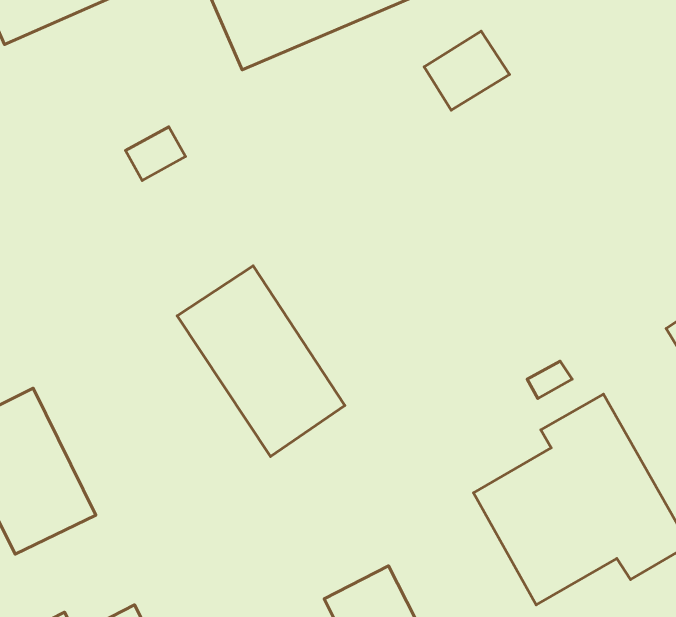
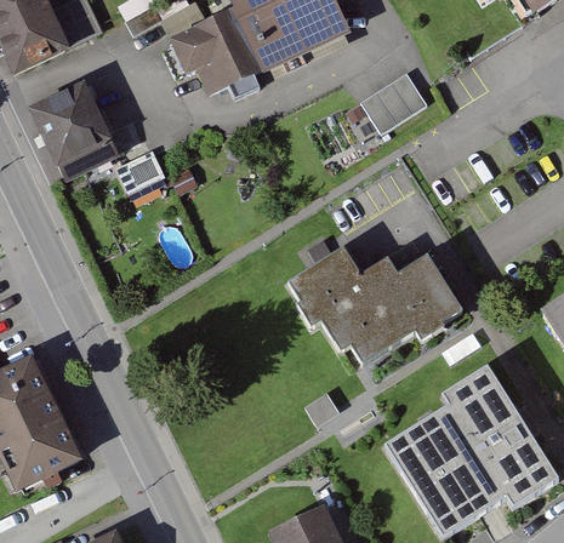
building: none -> [27,80,115,177]
building: none -> [290,248,467,361]
building: [177,266,345,456] -> none

